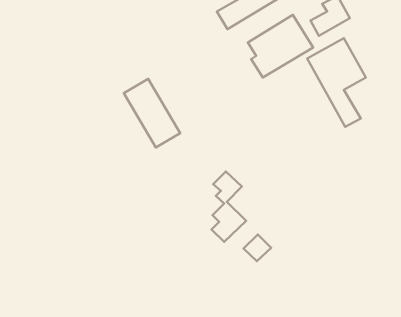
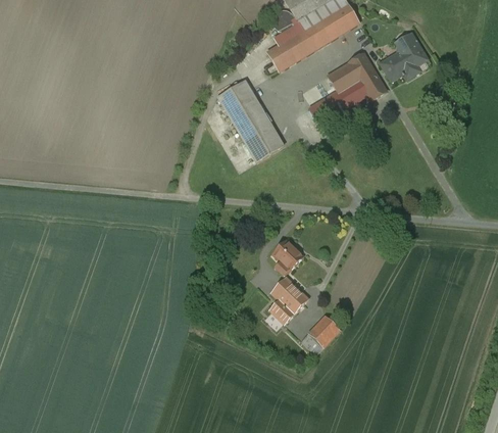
building: [307,38,366,127] -> none
building: [124,79,180,148] -> [219,77,288,160]

